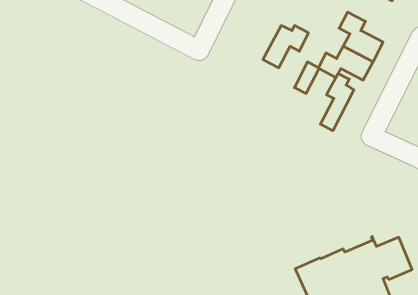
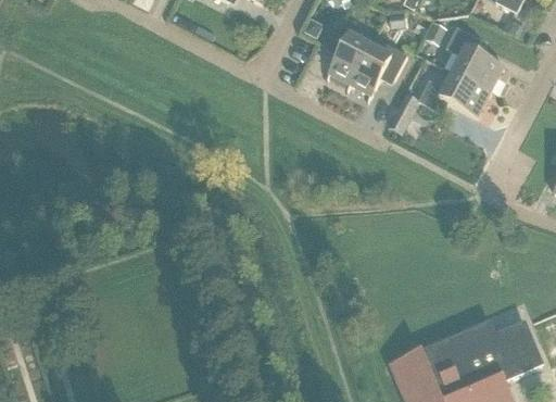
building: none -> [326,18,369,87]
building: [320,73,354,131] -> none

